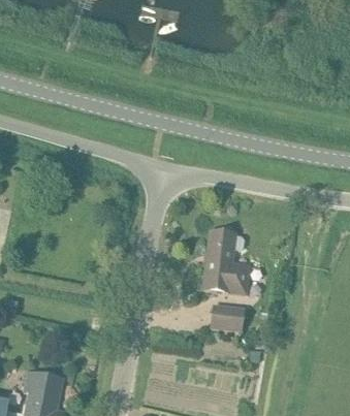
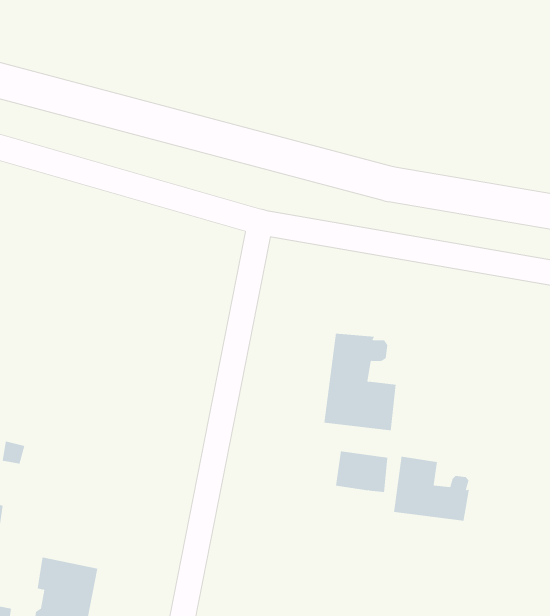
building: none -> [393,456,470,522]

